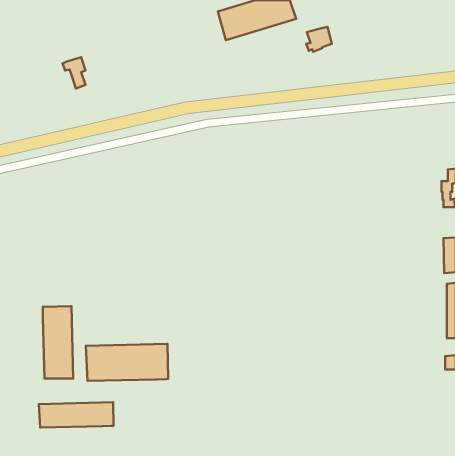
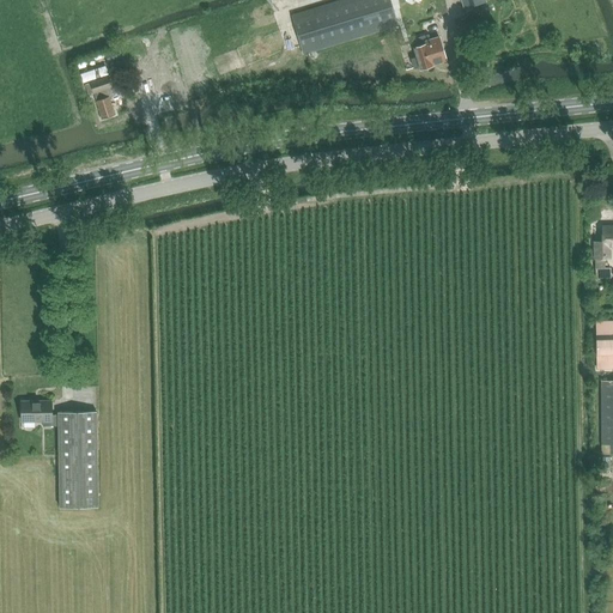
building: none -> [22,400,59,426]
building: [86,344,168,381] -> none
building: [39,402,113,428] -> none

